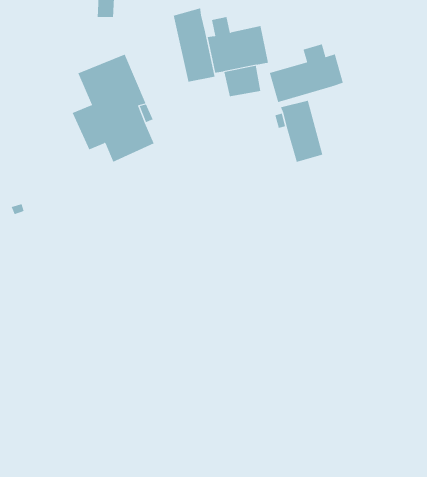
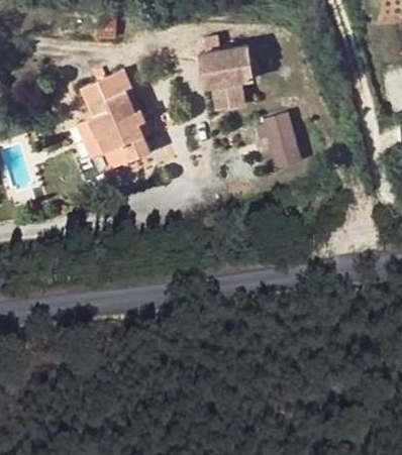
building: [173,8,215,83] -> none
building: [269,44,343,103] -> none

